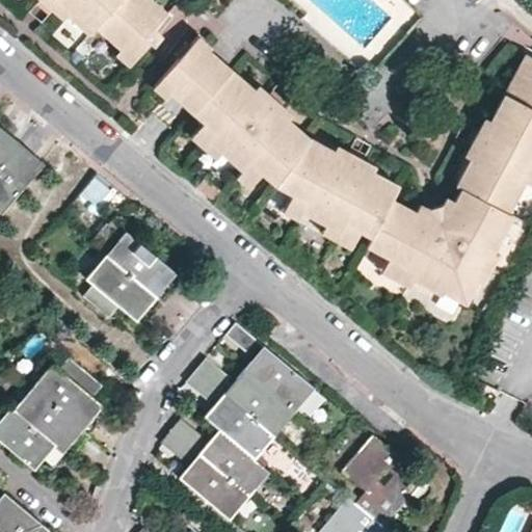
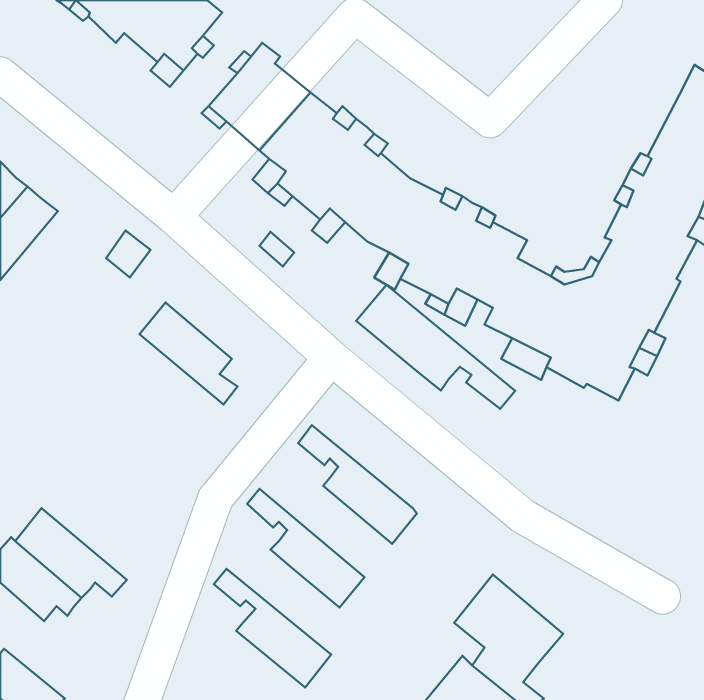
building: none -> [356,285,515,409]
building: [83,256,169,322] -> none
building: [32,357,106,441] -> none
building: [196,360,296,438] -> none
building: [171,420,270,497] -> none

